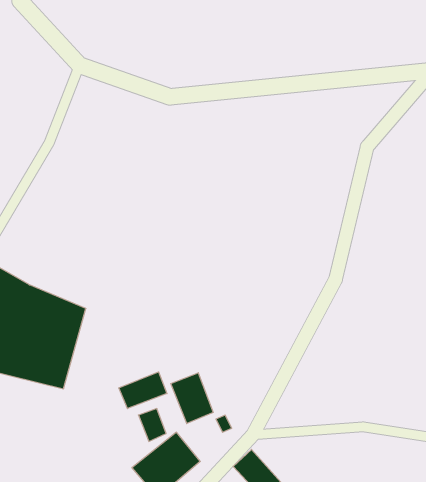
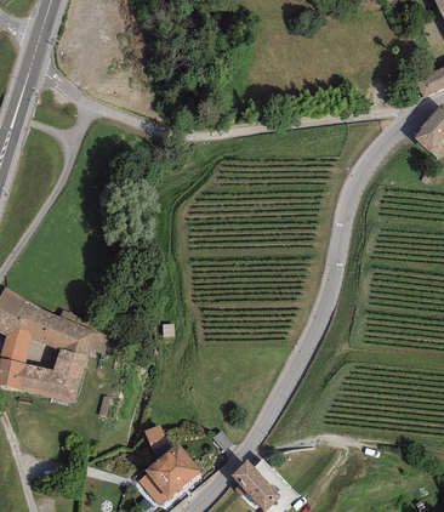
building: [119,372,167,409] -> none
building: [171,373,213,424] -> none

